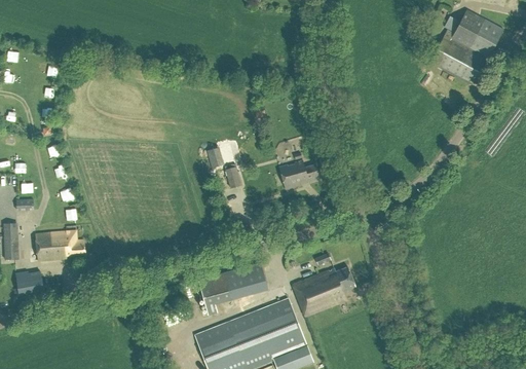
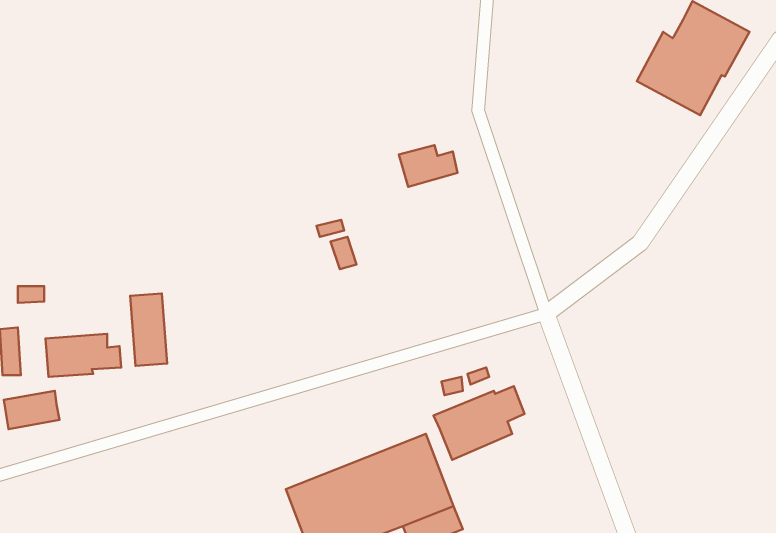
building: [278,160,317,188] -> [399,145,458,187]
building: none -> [130,293,167,366]
building: [197,262,267,316] -> none

